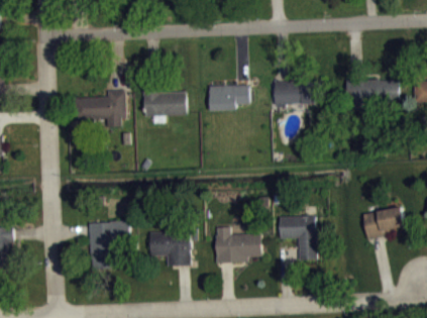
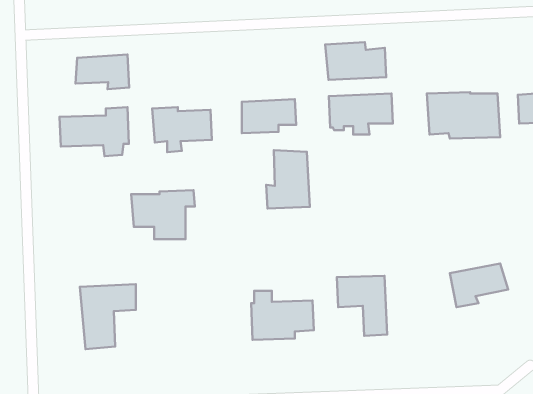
building: none -> [325,42,386,80]
building: none -> [75,55,129,89]
building: none -> [266,150,310,209]
building: [149,228,197,264] -> [131,190,195,239]

